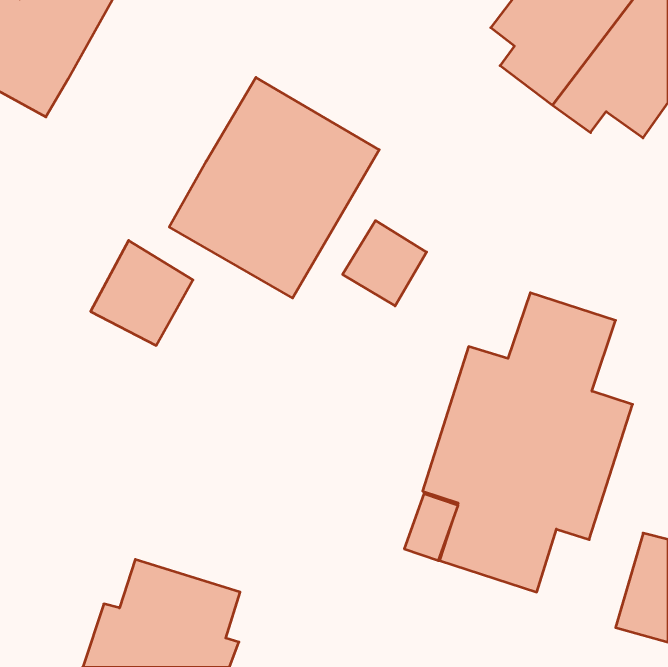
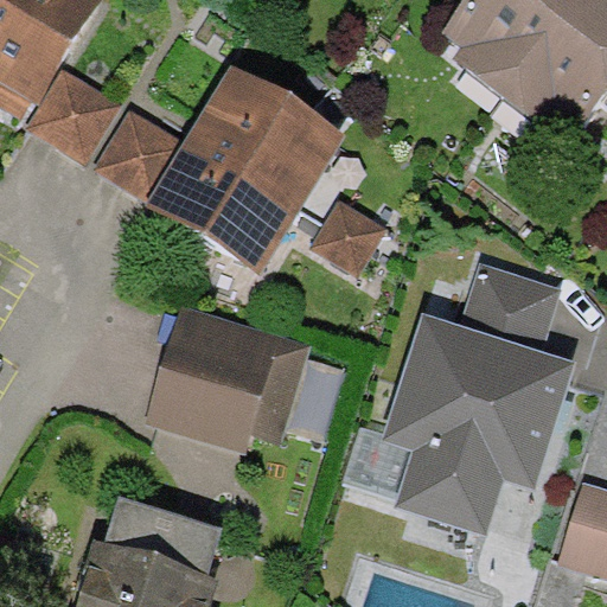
building: none -> [28,71,120,165]
building: [91,240,193,345] -> [94,110,186,205]
building: none -> [147,307,309,453]

